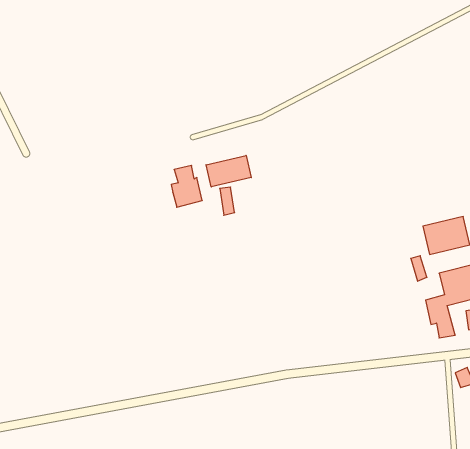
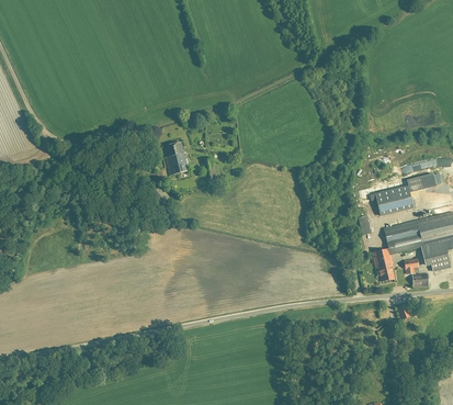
building: [206,155,251,187] -> none

